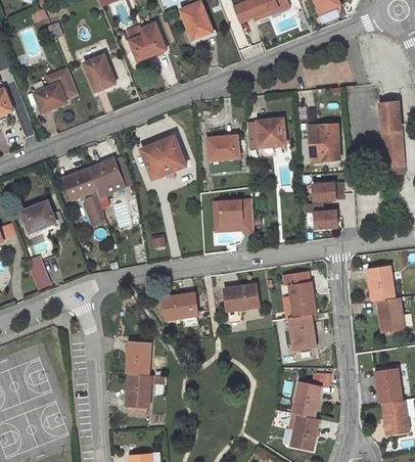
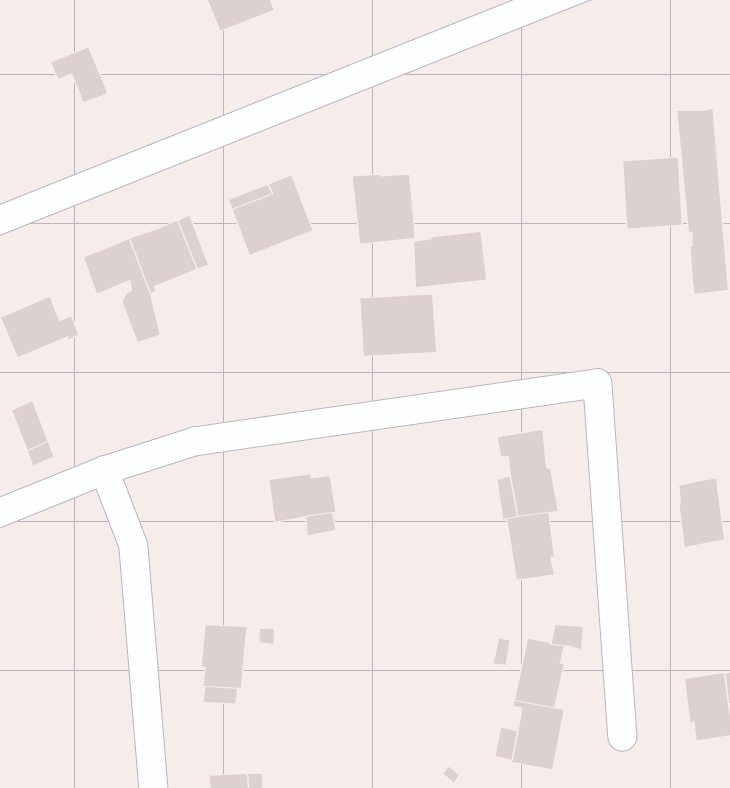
building: [84,55,112,91] -> none
building: [34,83,66,111] -> none
building: [247,119,286,148] -> [413,232,487,288]
building: [309,124,340,161] -> [623,157,683,229]
building: [307,182,333,203] -> none
building: [310,211,334,229] -> none
building: [369,265,394,302] -> none
building: [224,284,259,324] -> none
building: [126,340,150,375] -> none
building: [376,367,402,404] -> none

